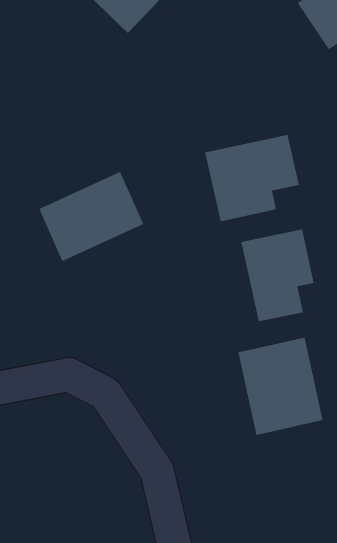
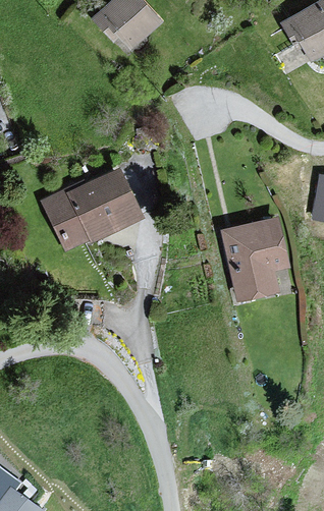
building: [205,134,300,222] -> none
building: [238,337,323,436] -> none

